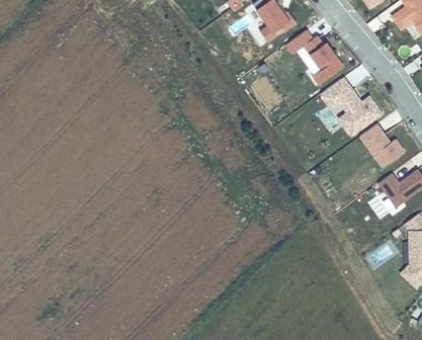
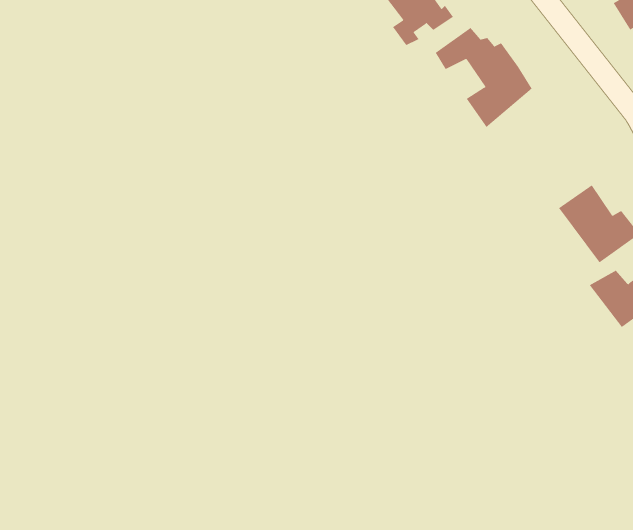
building: [319,76,383,138] -> none

